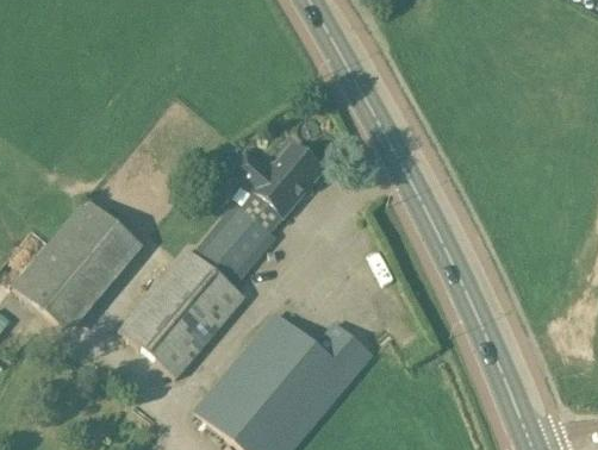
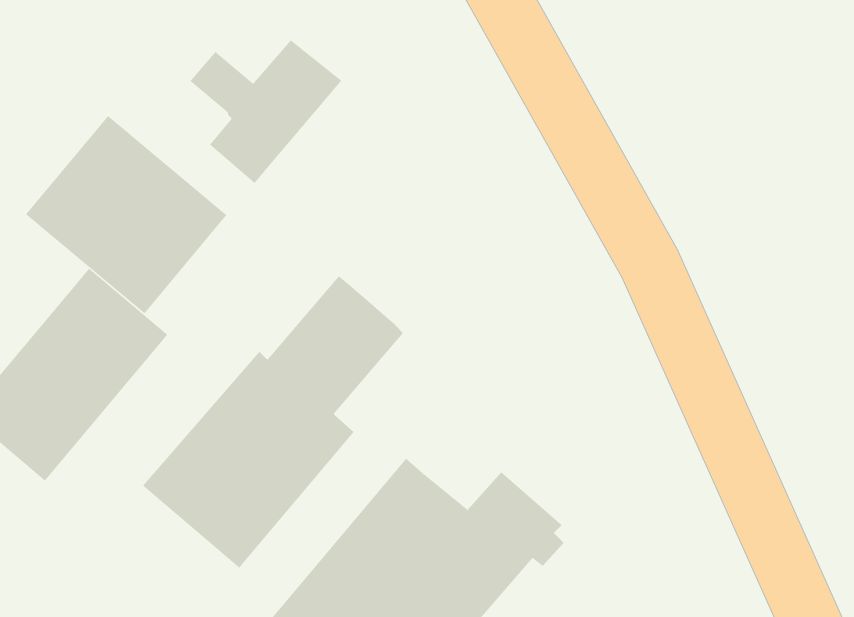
building: none -> [25,115,227,314]
building: [232,144,324,231] -> [189,39,342,184]

